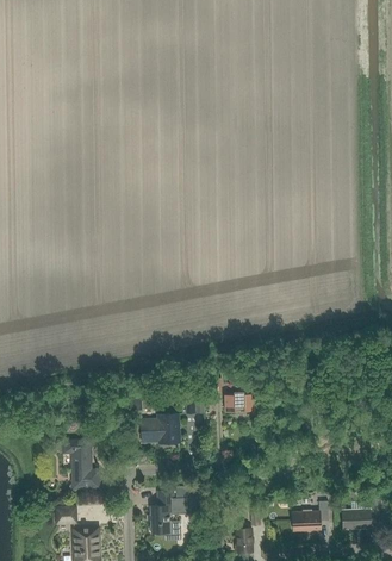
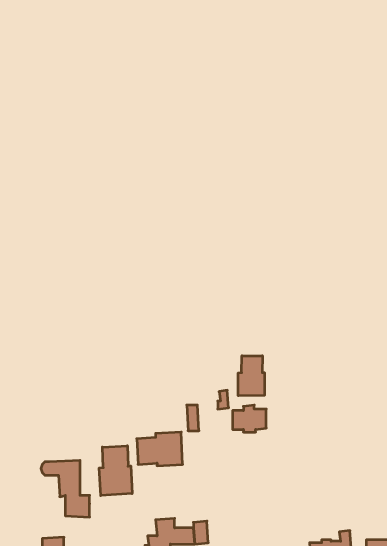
building: none -> [238,356,264,396]
building: none -> [99,446,132,496]

